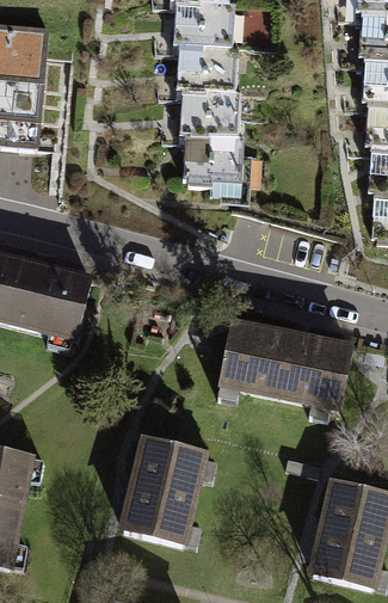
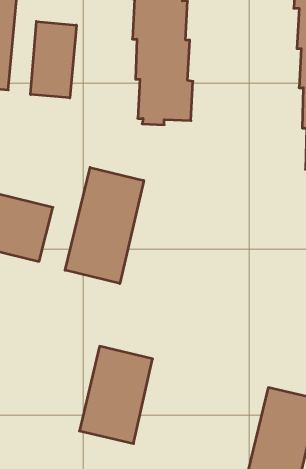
building: none -> [31,21,76,98]
building: none -> [65,167,144,284]
building: [216,322,349,407] -> none

